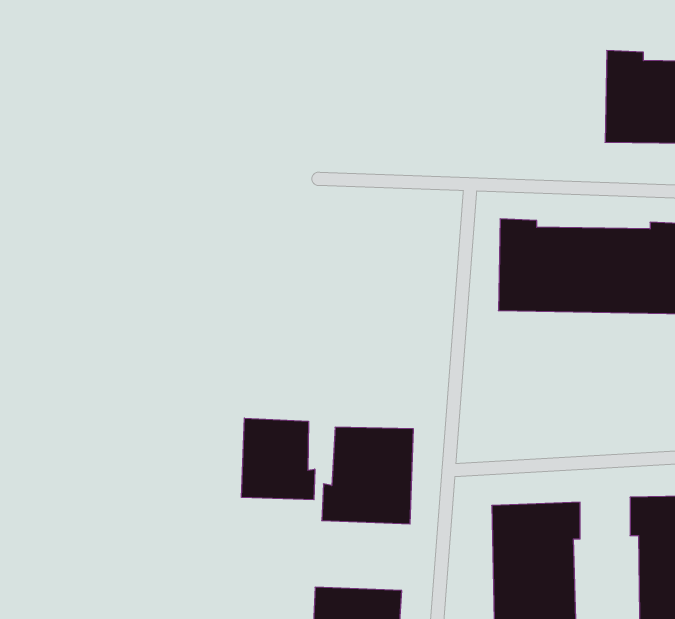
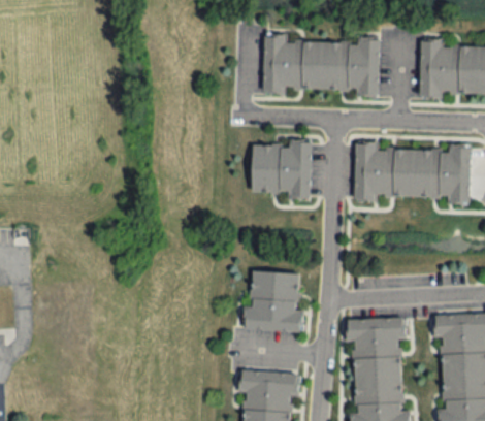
building: none -> [262,35,380,94]
building: none -> [252,140,312,196]
building: [242,418,315,500] -> none

